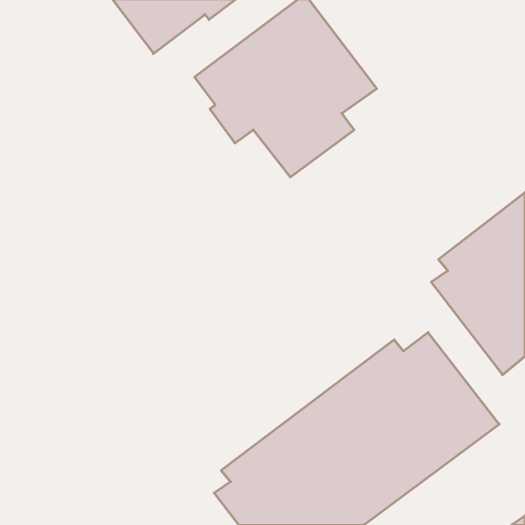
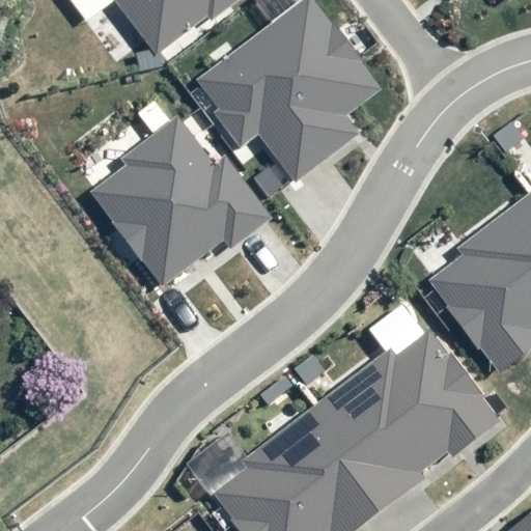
building: none -> [88,115,272,284]

